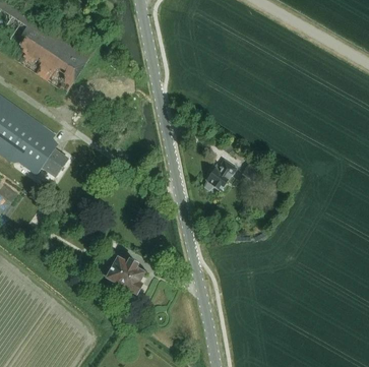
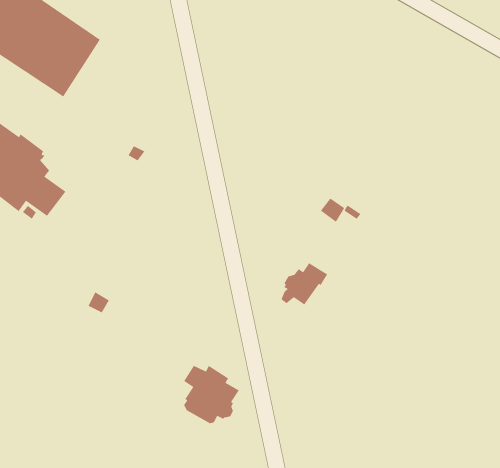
building: [204,161,237,190] -> [281,262,328,306]
building: [107,255,145,296] -> [183,365,240,424]

